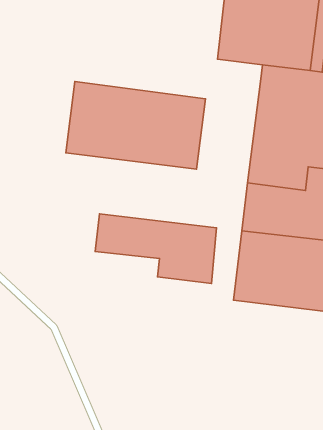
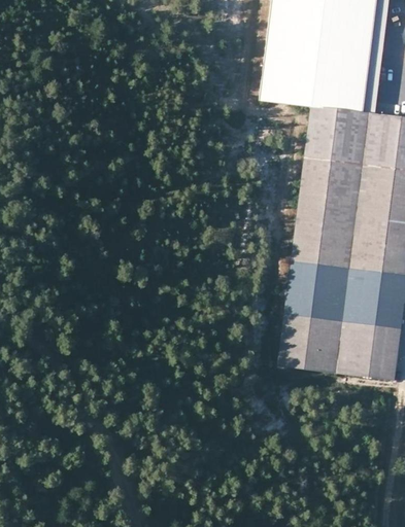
building: [66,82,205,169] -> none
building: [95,214,217,283] -> none

